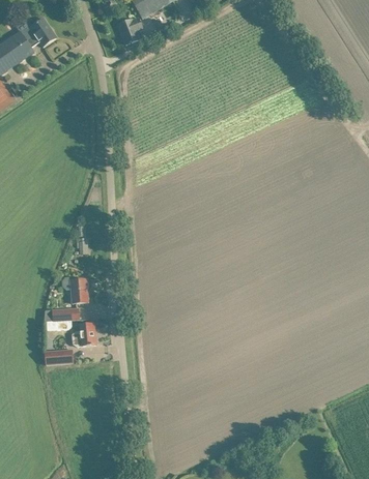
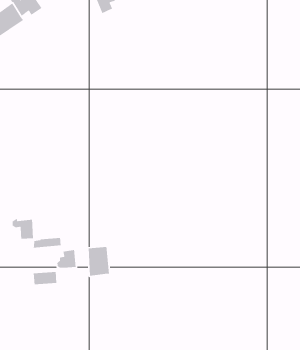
building: [62,276,88,302] -> [12,218,34,240]
building: none -> [88,246,110,276]

